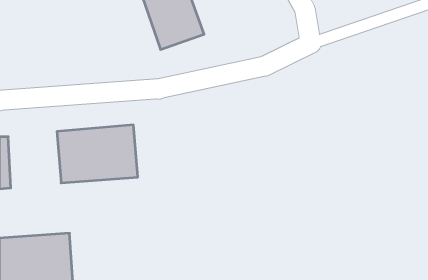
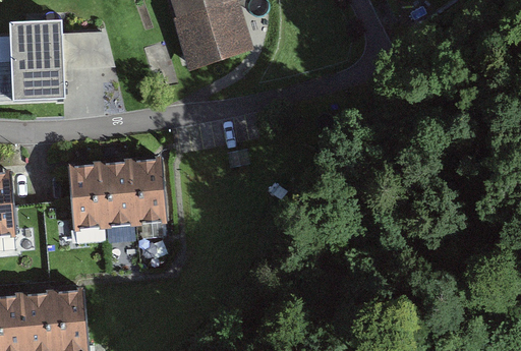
building: none -> [9,20,105,101]

